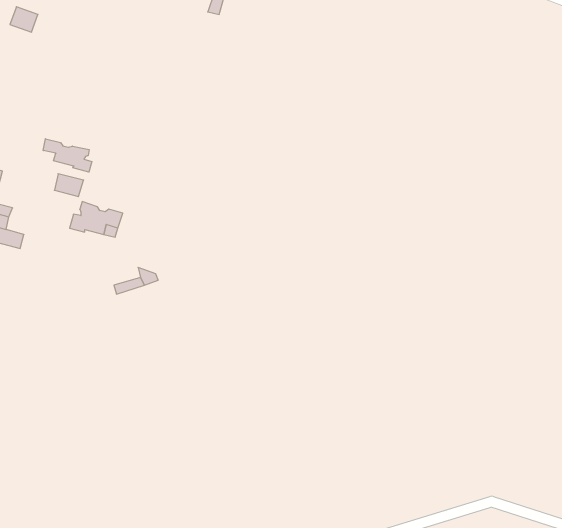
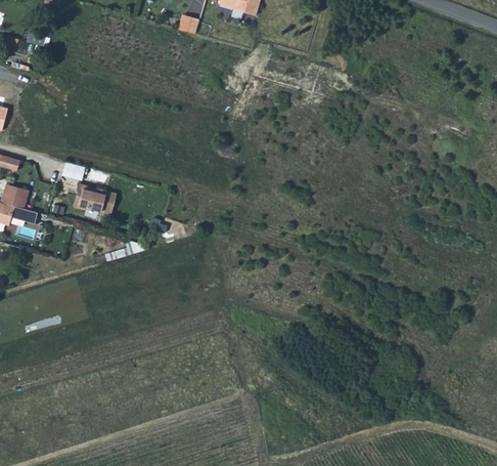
building: [43,139,92,172] -> none

